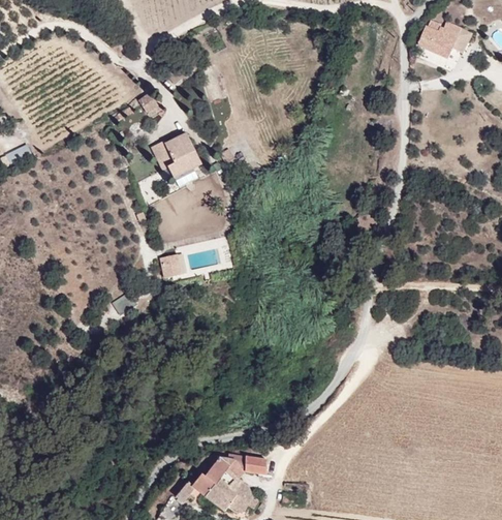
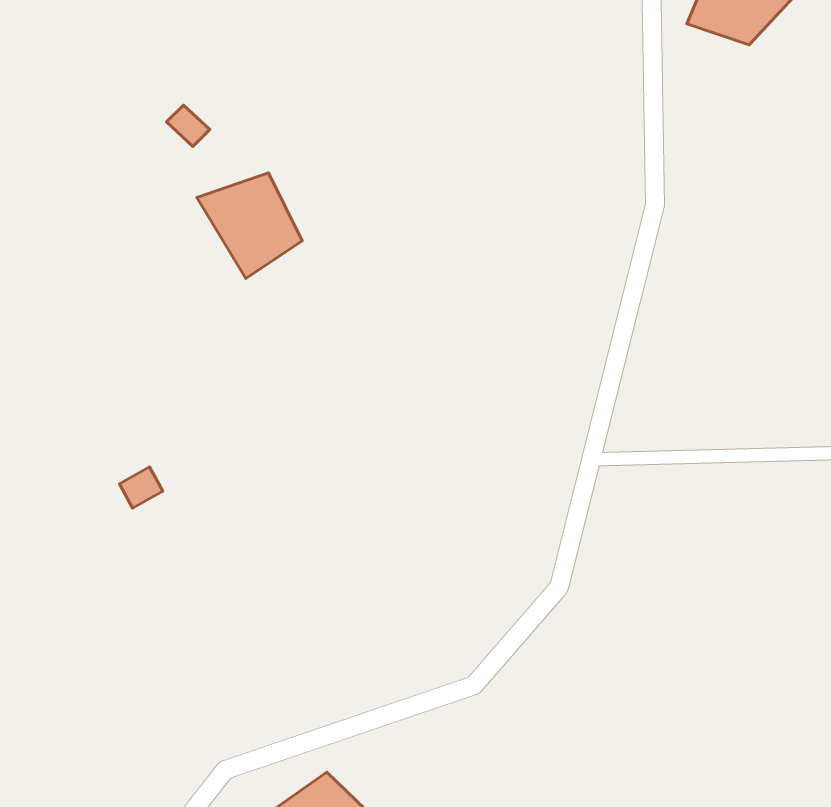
building: [158,253,183,278] -> none
building: [243,456,265,473] -> none

